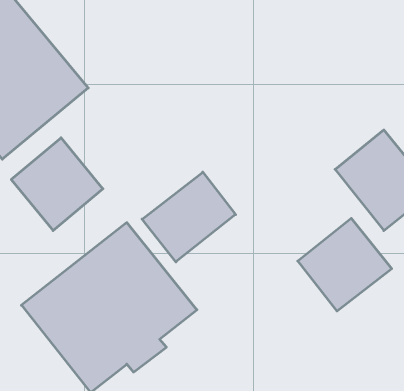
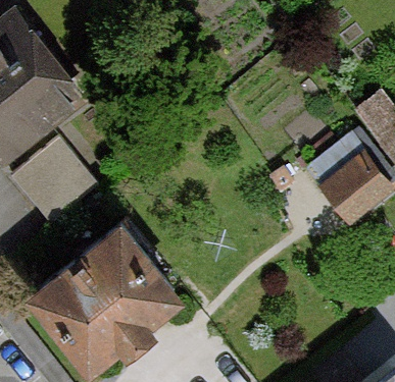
building: [142,172,236,262] -> none
building: [298,218,392,311] -> none

